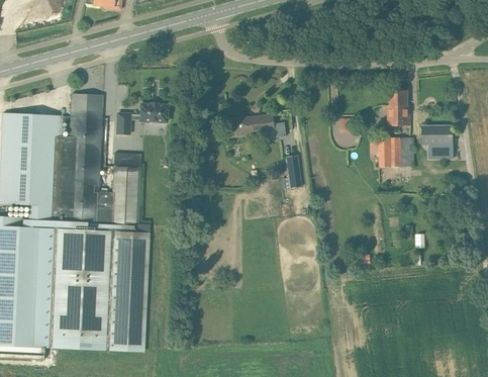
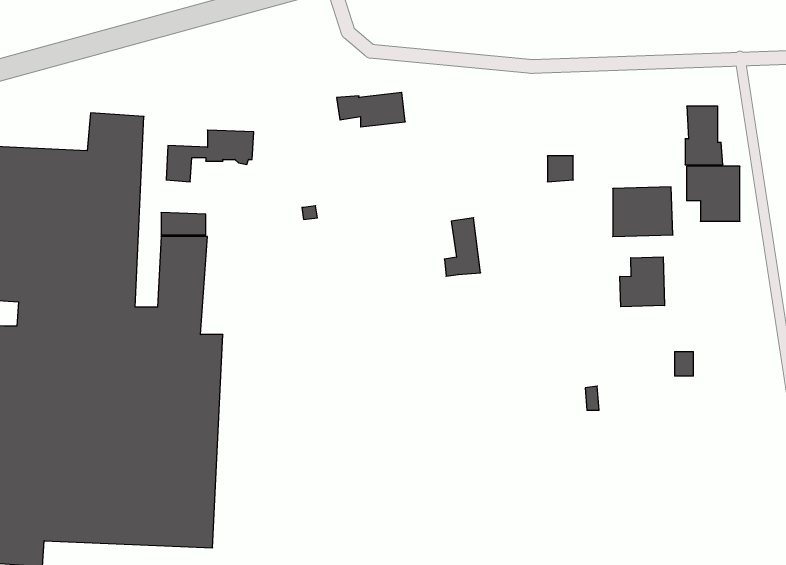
building: [388,90,410,124] -> [685,106,723,165]
building: [233,113,274,133] -> [337,92,405,127]
building: none -> [620,257,665,307]

